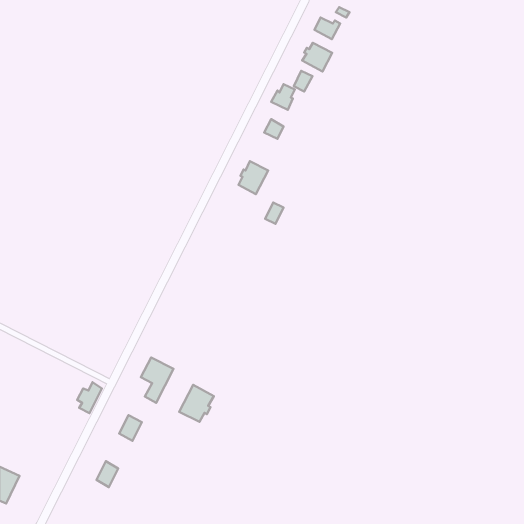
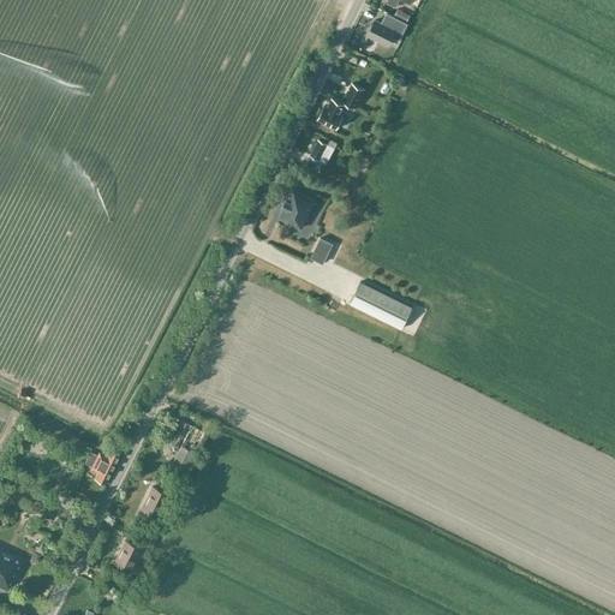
building: [302,43,332,71] -> none
building: none -> [348,281,411,329]
building: [179,385,214,422] -> none

